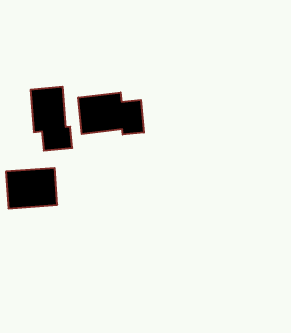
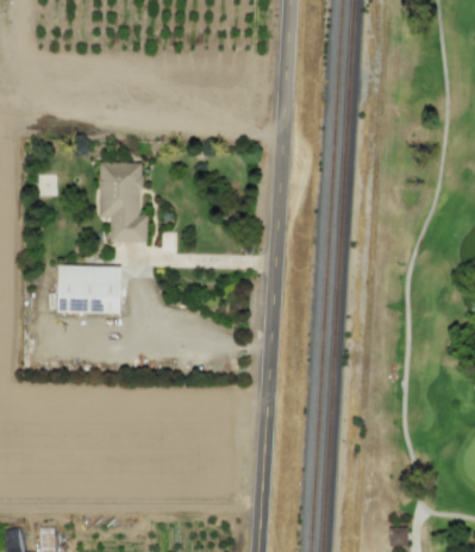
building: [78,92,144,135] -> none

